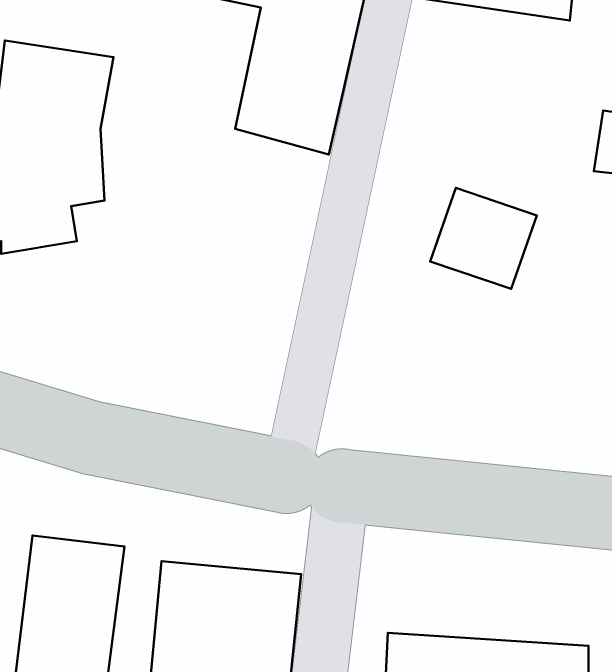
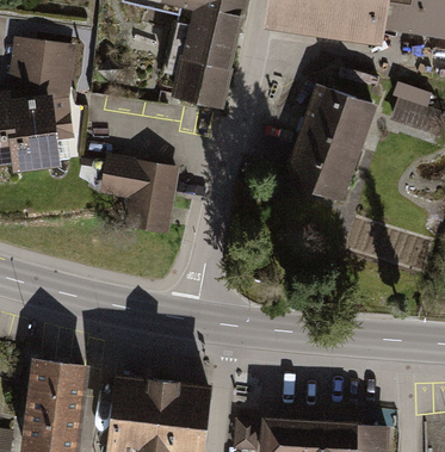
building: none -> [304,82,372,148]
building: none -> [101,153,178,235]

